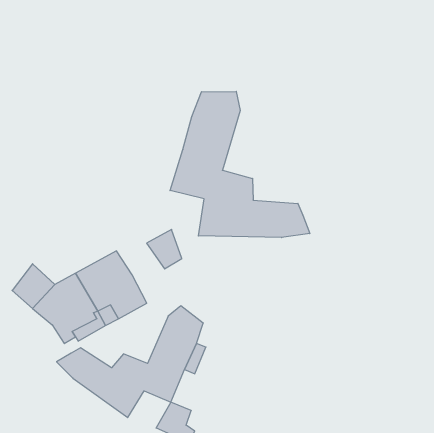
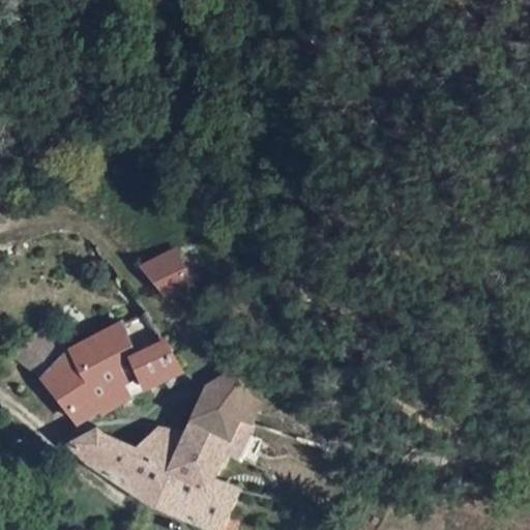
building: [170,91,310,238] -> none
building: [147,229,182,269] -> [142,251,184,298]
building: none -> [154,478,206,523]

